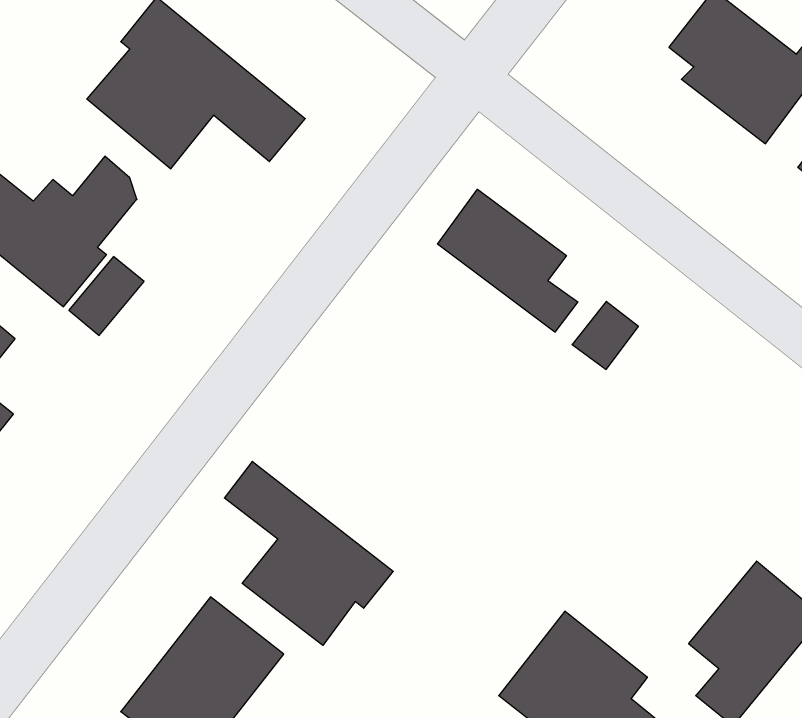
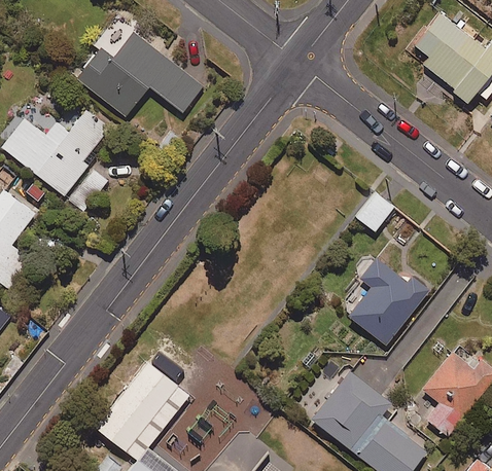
building: [438,189,578,332] -> none
building: none -> [347,257,429,345]
building: [224,461,393,645] -> none

